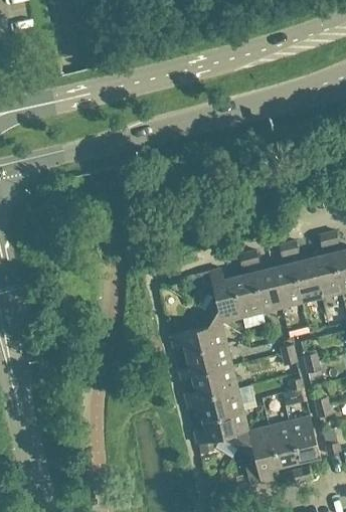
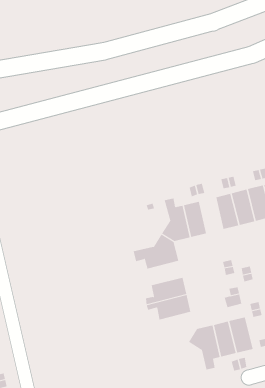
building: [252,268,282,313] -> none
building: [179,347,232,380] -> none
building: [194,410,248,454] -> none

